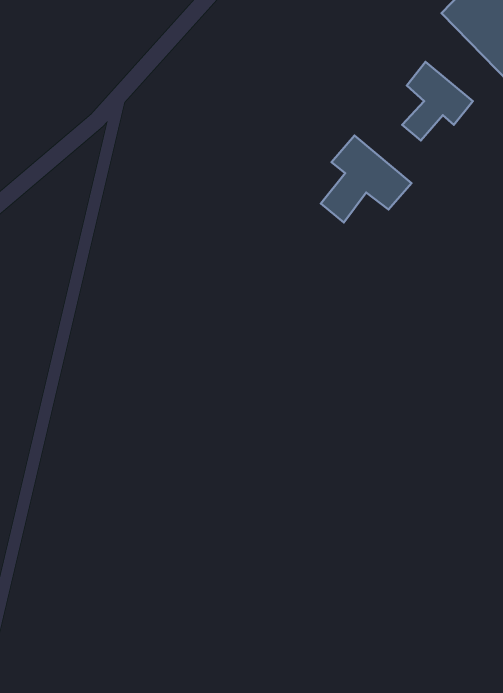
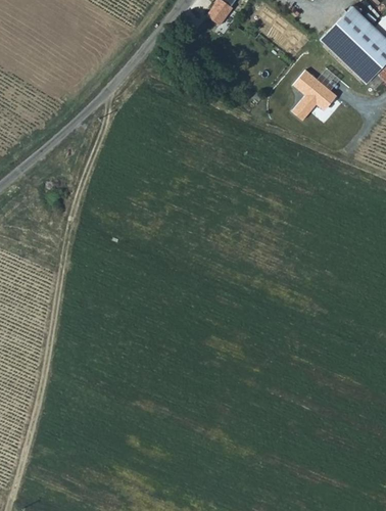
building: [321,136,412,223] -> none

